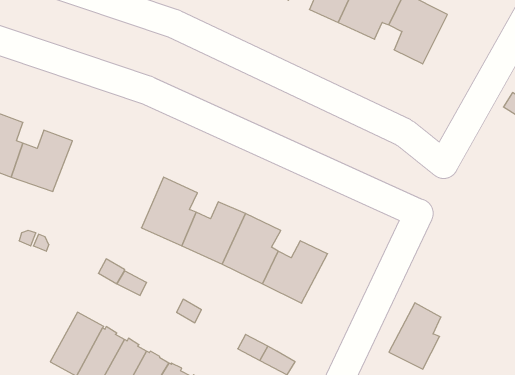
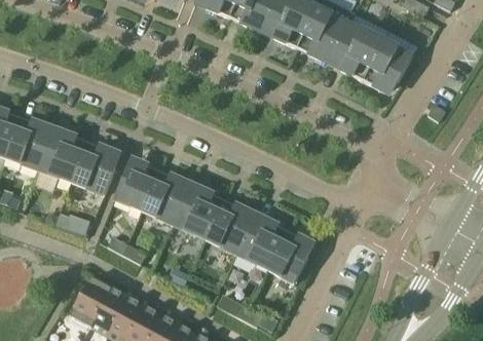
building: none -> [364,41,412,91]
building: none -> [72,141,116,195]
building: none -> [114,160,159,210]
building: [389,303,441,369] -> [268,230,309,282]

